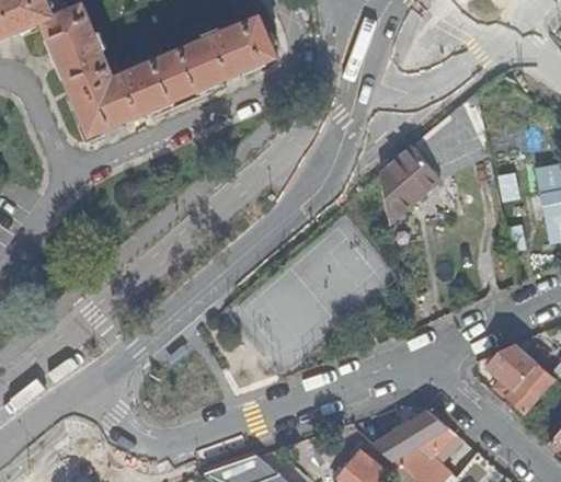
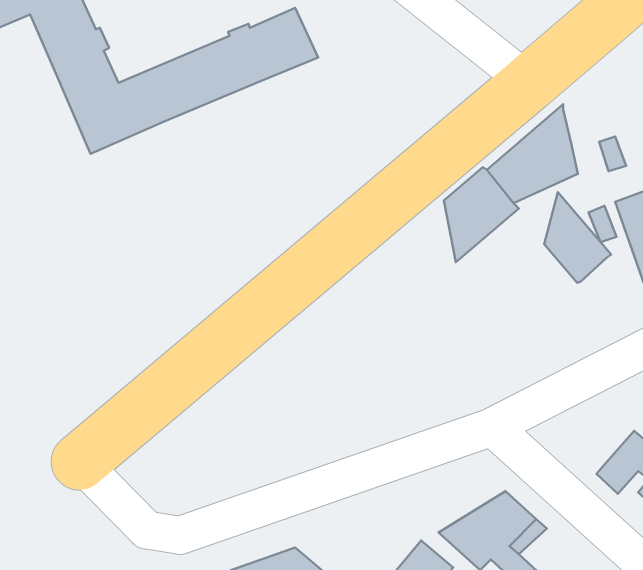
building: none -> [544,192,611,283]
building: [485,344,535,390] -> none

